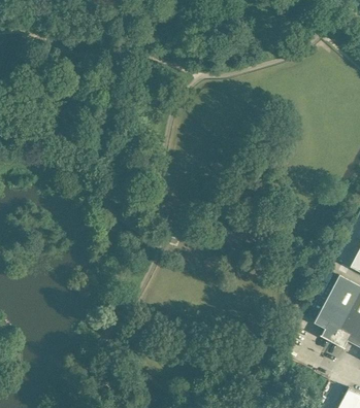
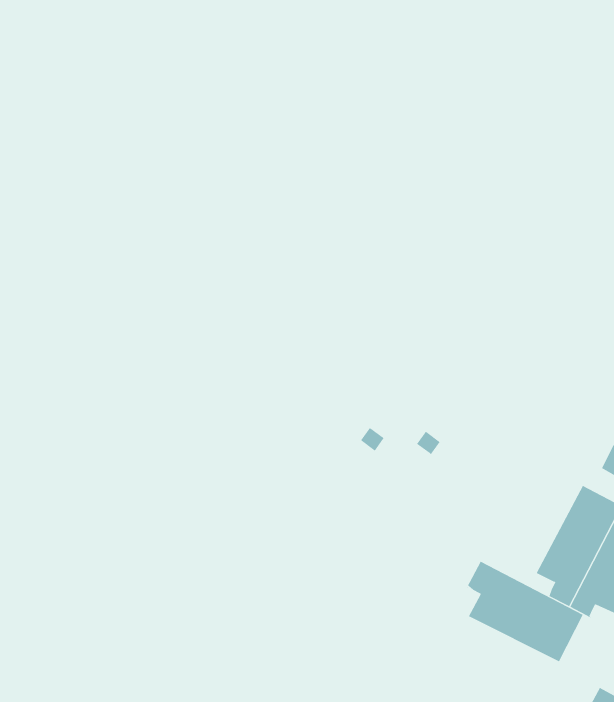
building: none -> [466,561,584,662]

